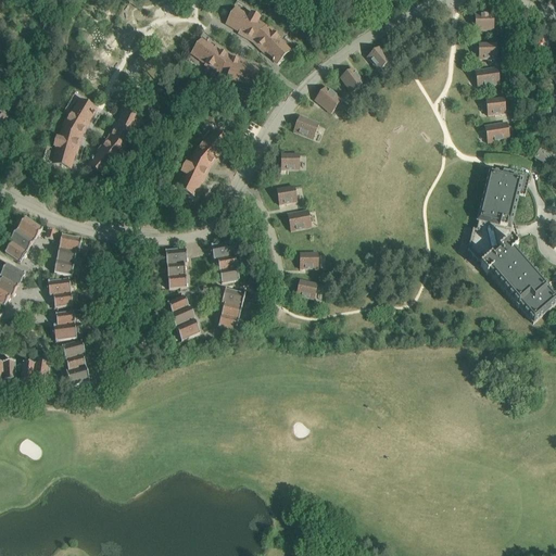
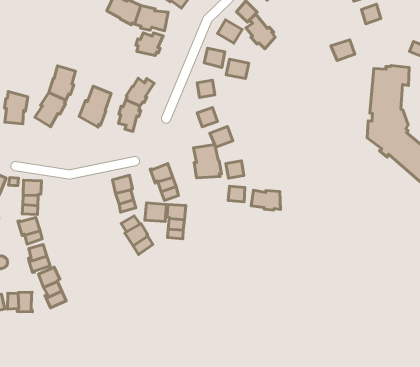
building: none -> [246,14,275,49]
building: none -> [136,33,163,55]
building: [61,97,98,137] -> none
building: [483,121,509,142] -> [331,40,355,61]
building: none -> [226,59,249,79]
building: none -> [79,86,111,127]
building: none -> [194,145,222,178]
building: none -> [145,203,167,222]
building: none -> [251,190,281,210]

